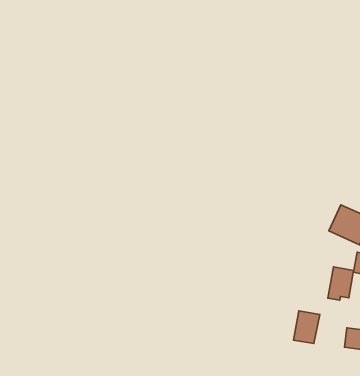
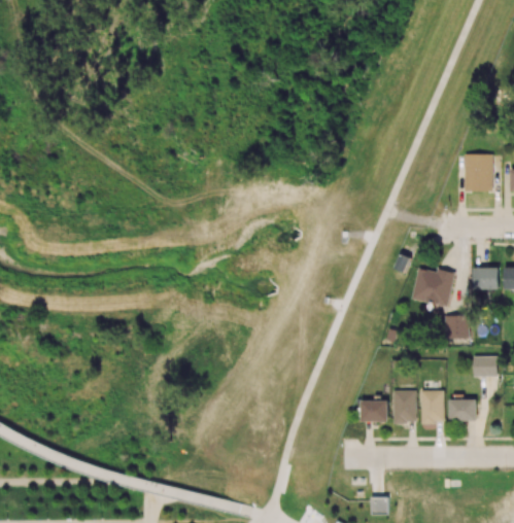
building: [328,267,354,300] -> [420,390,443,425]
building: none -> [359,399,387,421]

